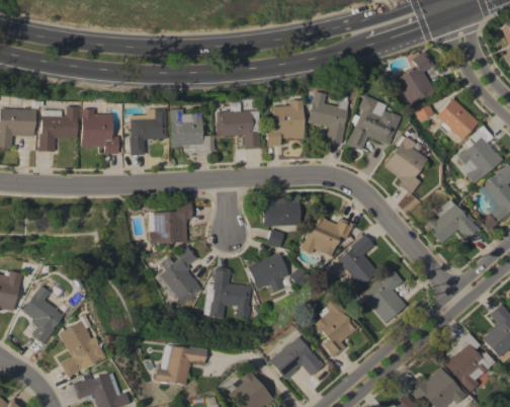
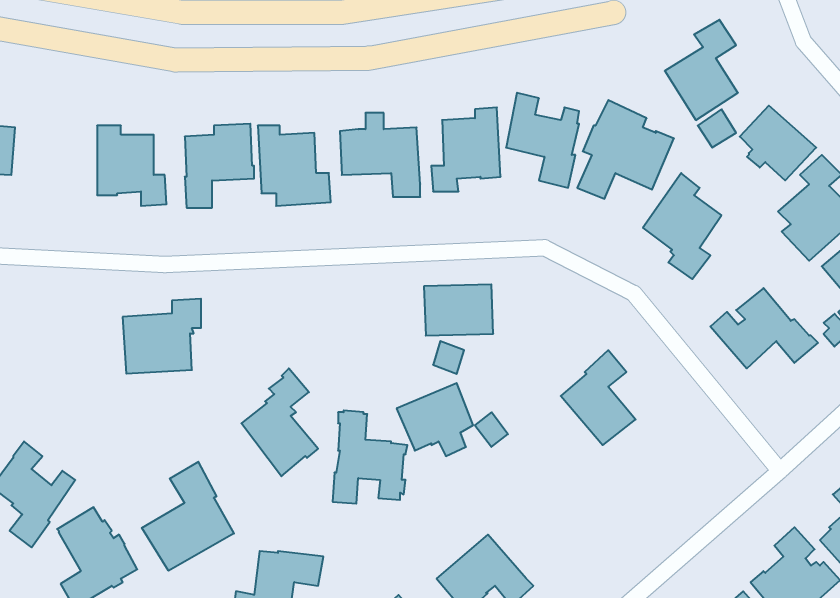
building: [38,106,78,152] -> none
building: [149,202,192,244] -> [123,299,201,374]
building: [301,214,354,256] -> none
building: [365,268,407,323] -> none
building: none -> [142,462,234,571]
building: [314,299,359,356] -> none

